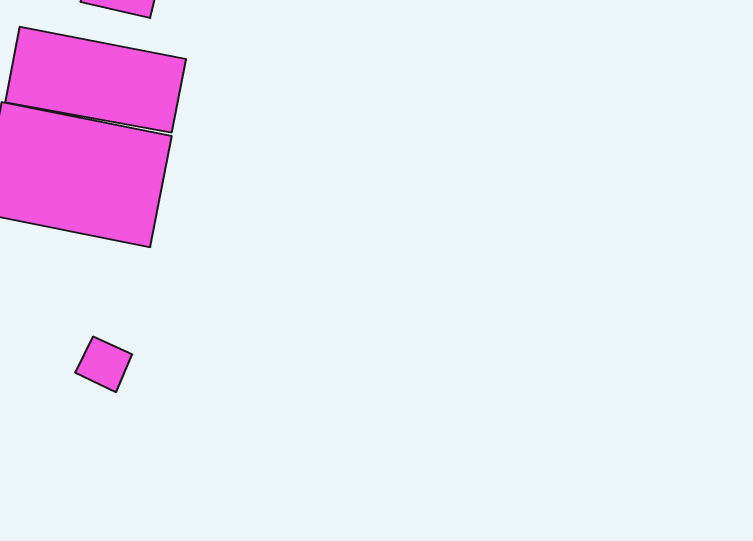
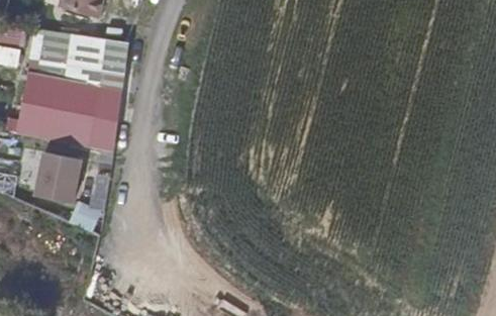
building: none -> [31,148,85,202]

